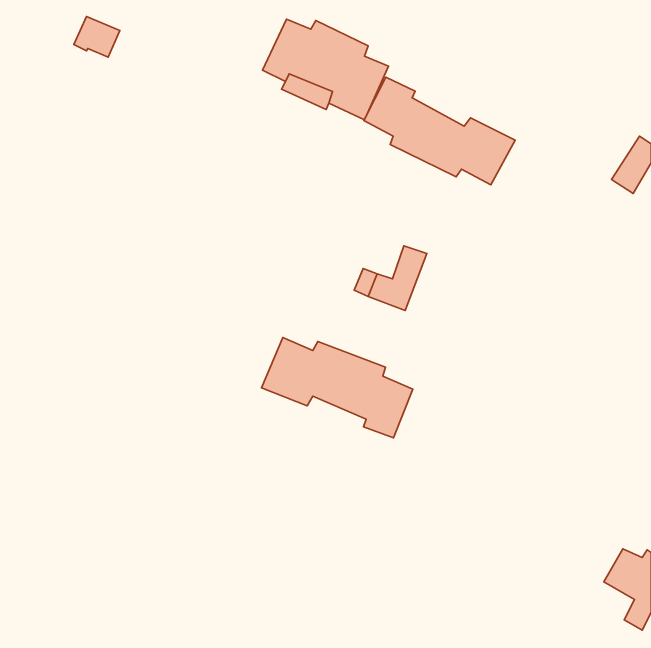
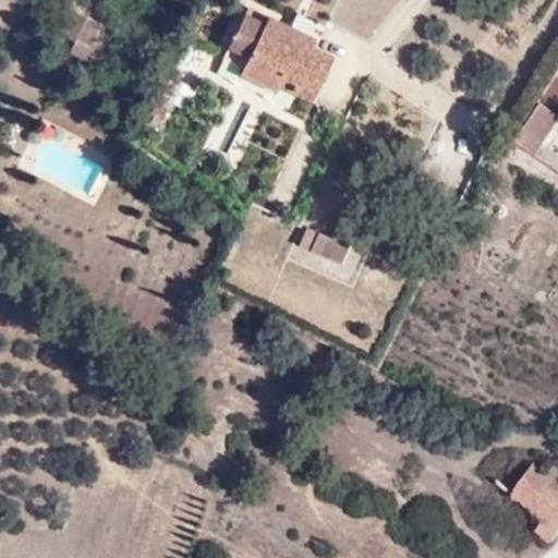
building: [364,77,515,185] -> none
building: [261,338,413,438] -> none

